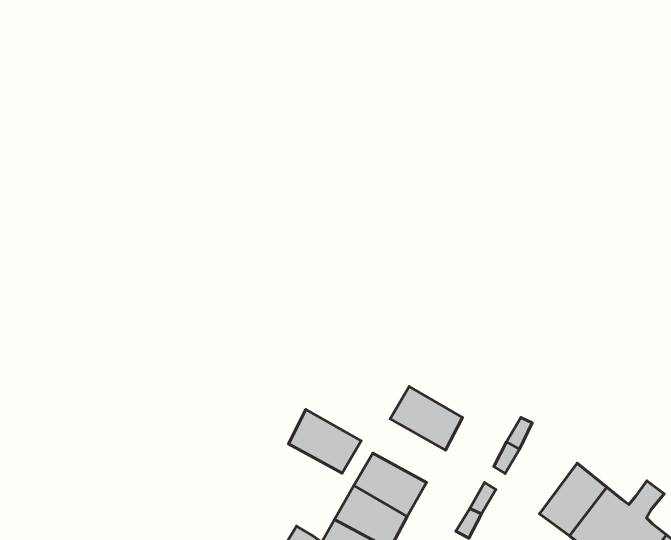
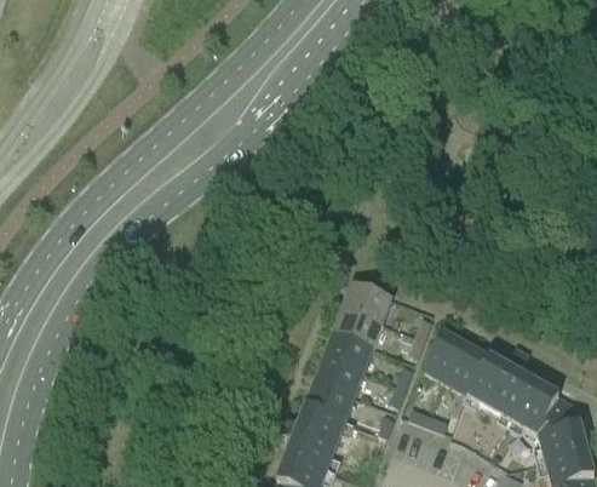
building: none -> [341,281,391,322]
building: [288,409,361,473] -> [323,331,373,371]
building: none -> [420,328,465,380]

